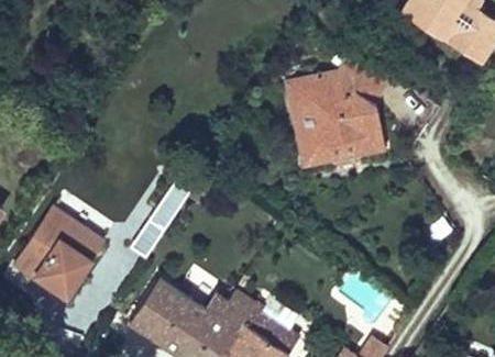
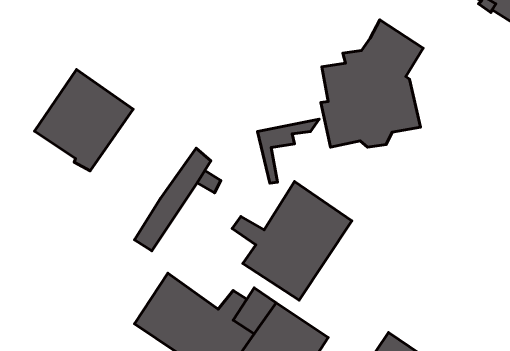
building: [286,69,341,126] -> [258,119,319,183]
building: none -> [232,182,352,300]
building: [17,209,104,299] -> [35,69,133,171]

